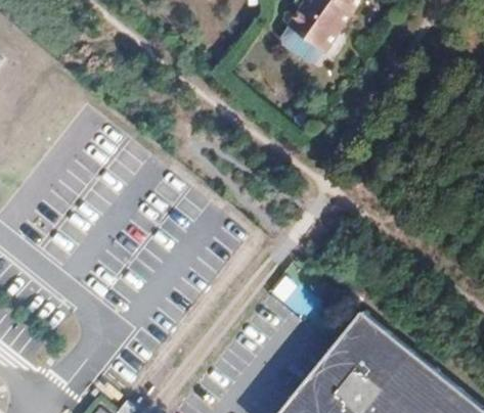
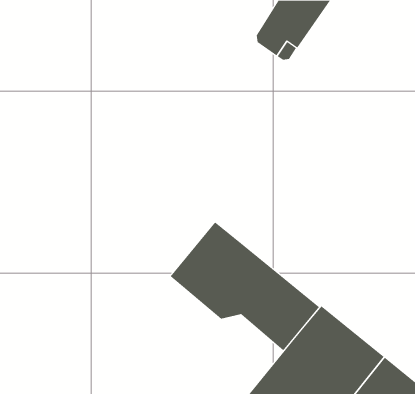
building: none -> [170,222,320,351]

